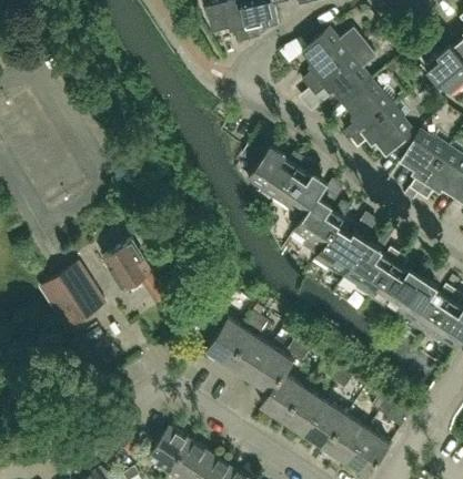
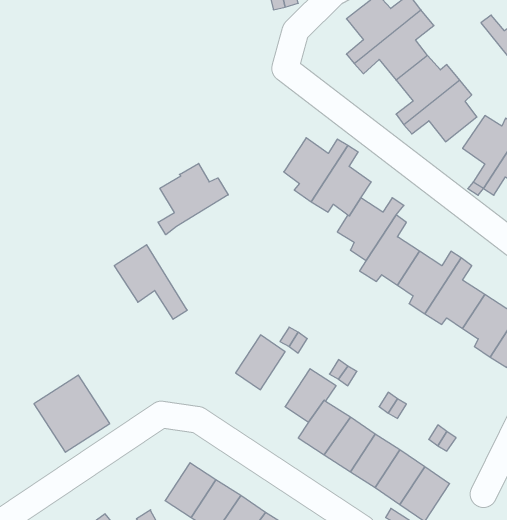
building: none -> [158,163,228,235]
building: [41,264,105,329] -> [34,375,110,452]
building: [229,333,271,379] -> none

